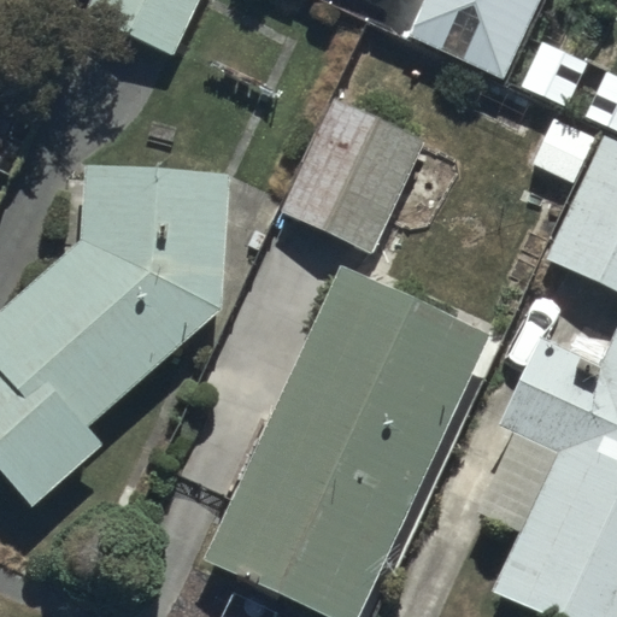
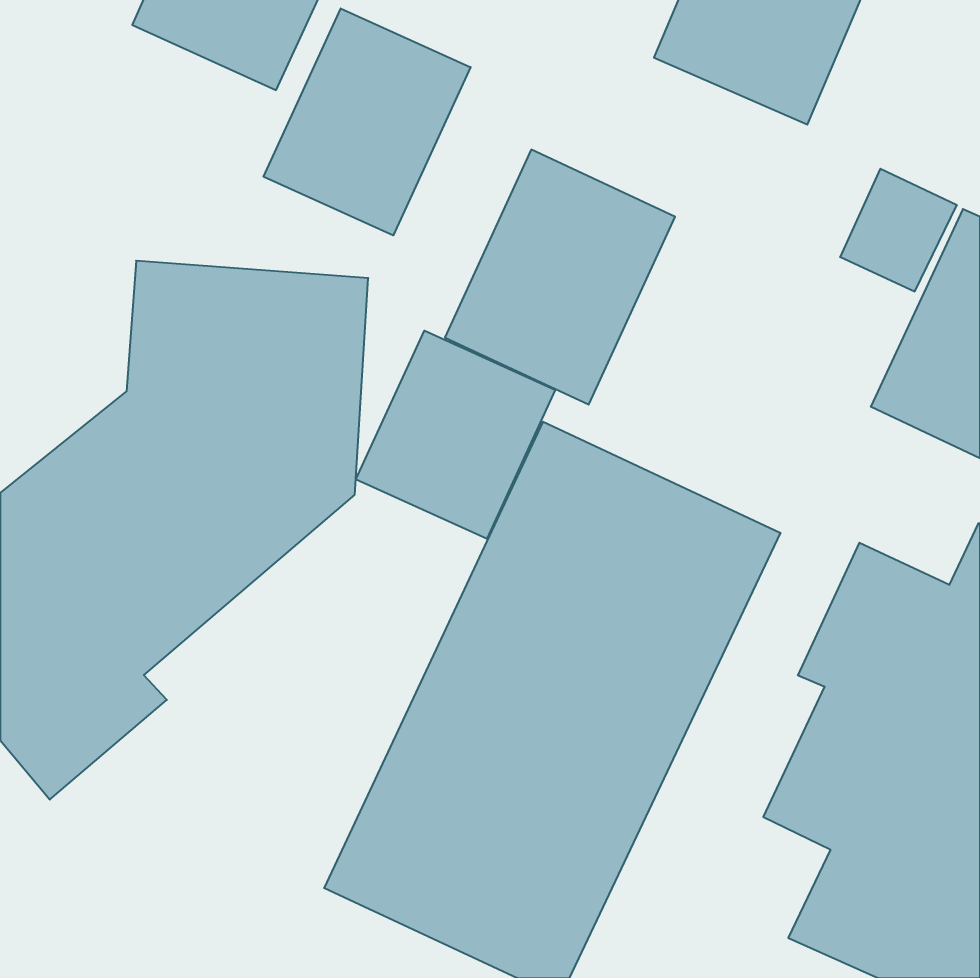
building: none -> [264,8,471,235]
building: none -> [356,331,555,539]

